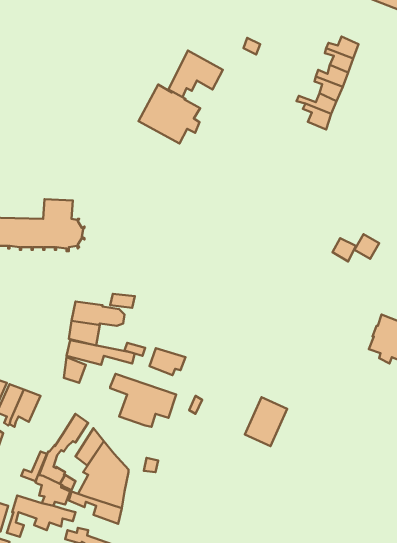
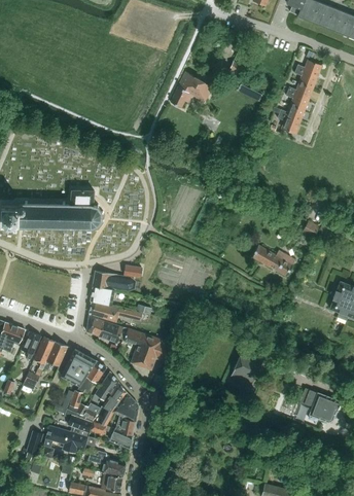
building: [139,85,200,144] -> none
building: none -> [251,245,294,276]
building: [149,348,186,375] -> [99,321,128,343]
building: none -> [62,349,96,386]
building: none -> [303,391,341,422]

